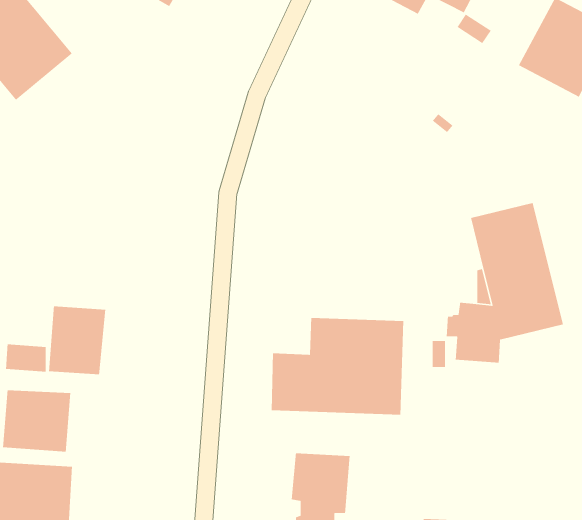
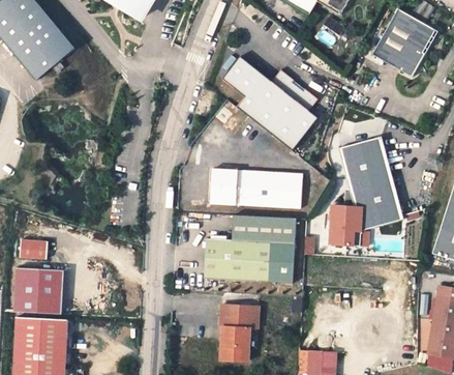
building: none -> [214,59,311,151]
building: none -> [209,174,300,210]
building: [48,306,106,375] -> none

